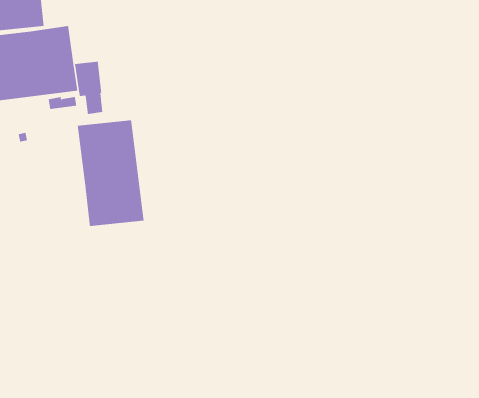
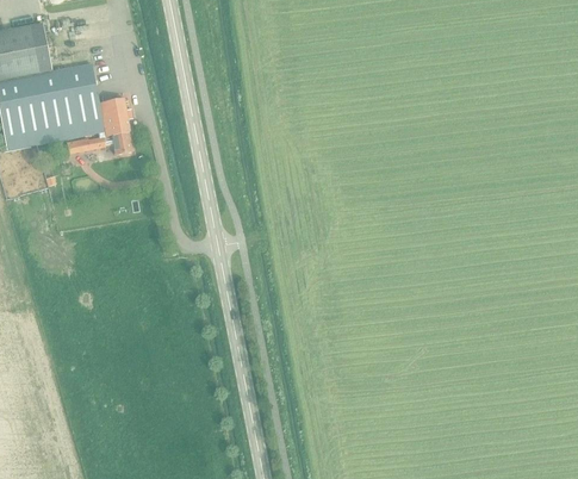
building: [77,120,144,227] -> none

